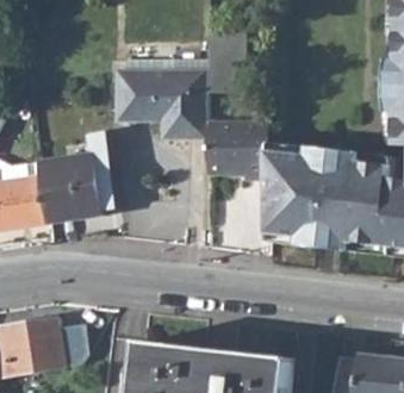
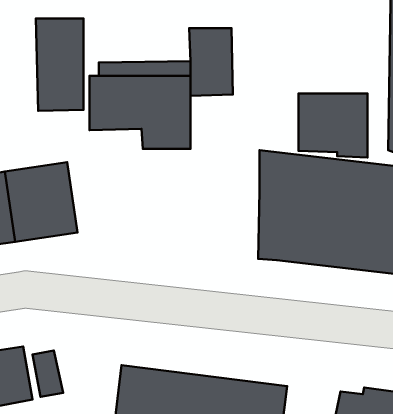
building: none -> [36,18,84,111]
building: [204,120,266,177] -> [299,94,368,157]

